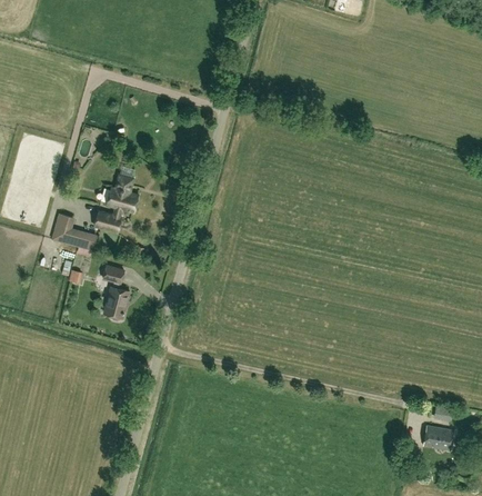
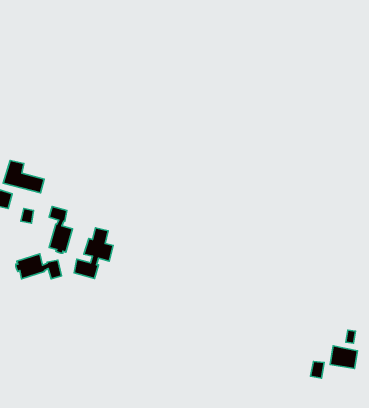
building: [93,175,138,232] -> [74,228,113,279]
building: none -> [16,254,62,279]

